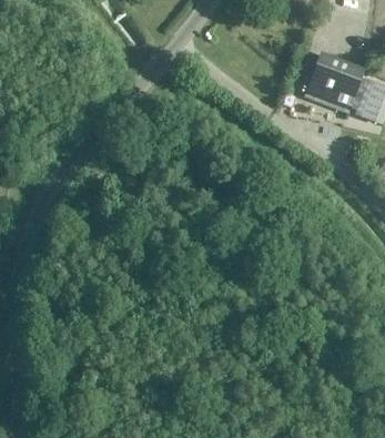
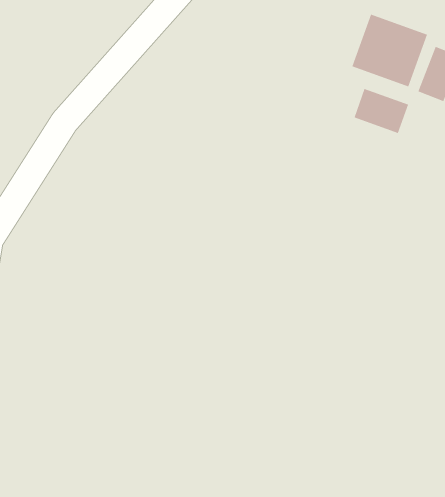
building: none -> [354,88,409,134]

